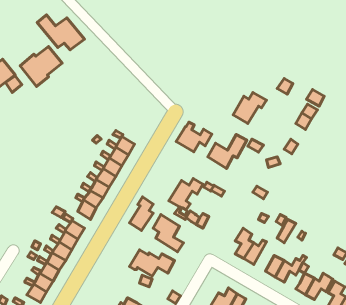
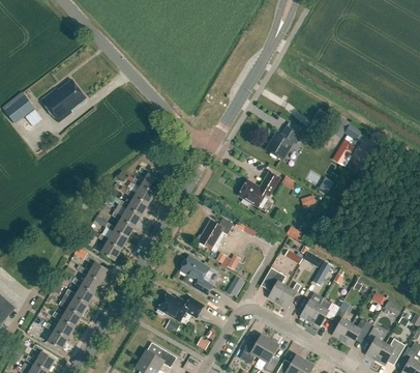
building: [37,15,84,50] -> none
building: [176,122,212,152] -> none
building: [130,197,153,231] -> none

